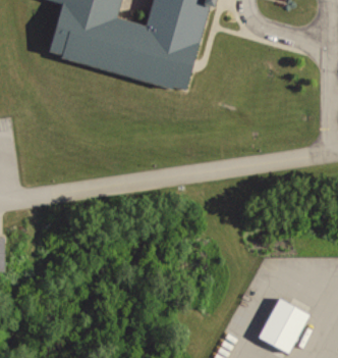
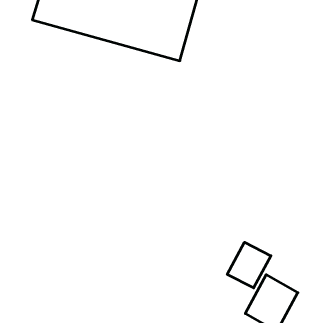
building: none -> [227,242,271,288]

